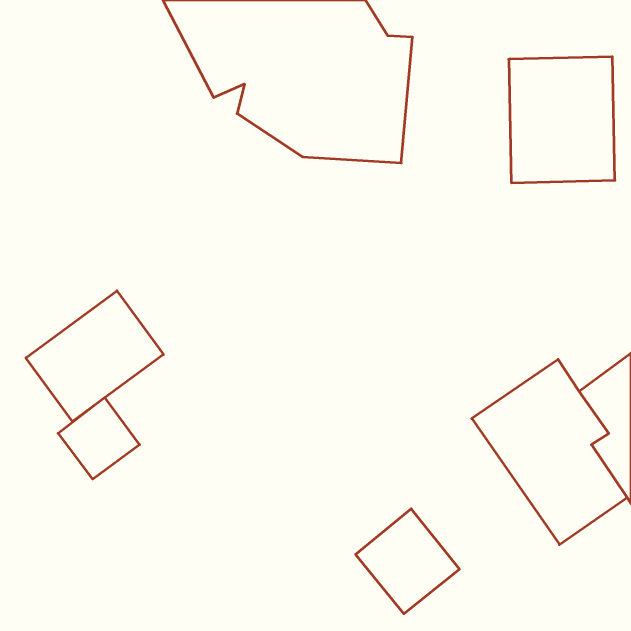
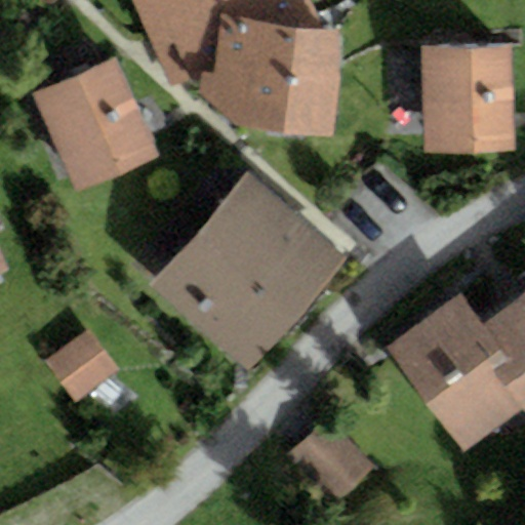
building: none -> [36,62,158,189]
building: none -> [149,177,339,368]
building: [26,291,163,422] -> none

